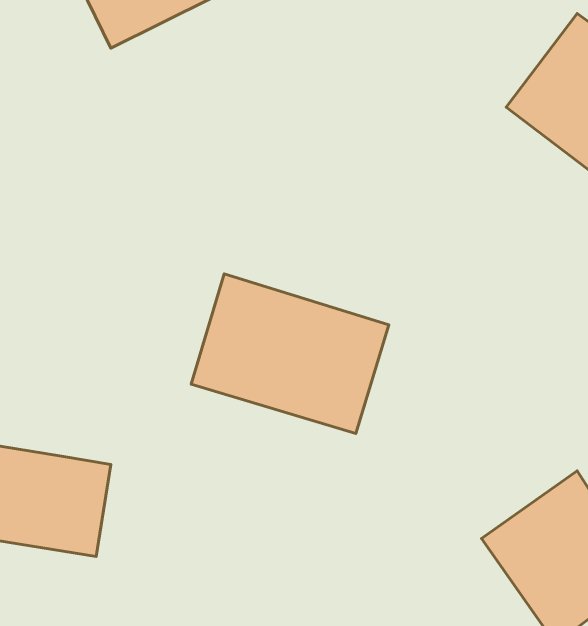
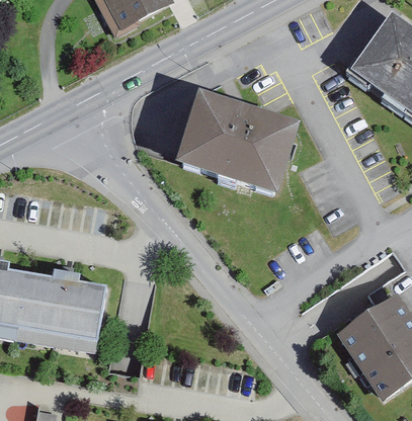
building: [191,274,389,434] -> [181,97,303,195]

